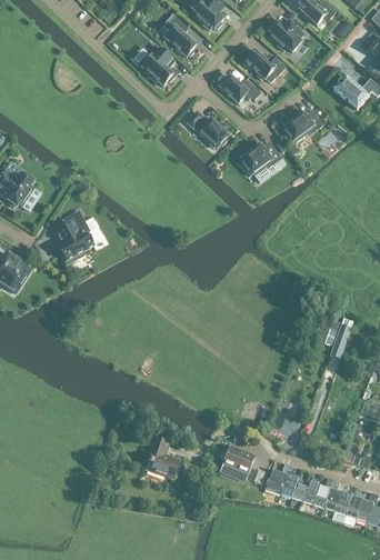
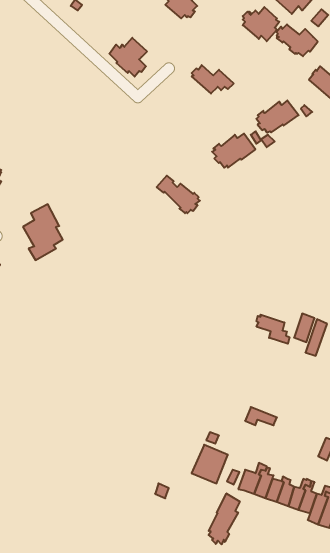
building: [164,16,196,56] -> none
building: [244,50,284,81] -> [277,24,318,56]
building: [187,110,229,147] -> [157,176,200,213]
building: none -> [256,315,290,344]
building: [146,437,179,478] -> none
building: none -> [209,493,240,544]

